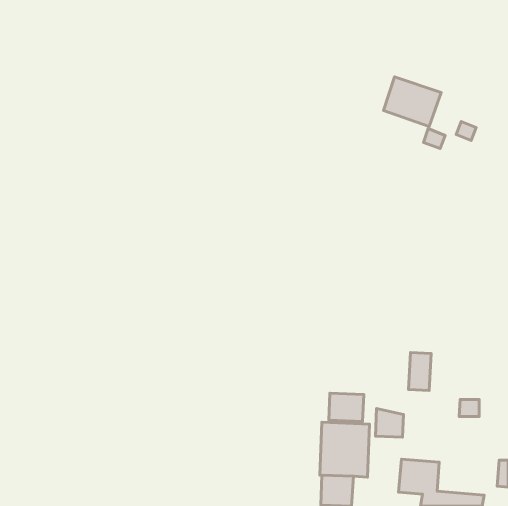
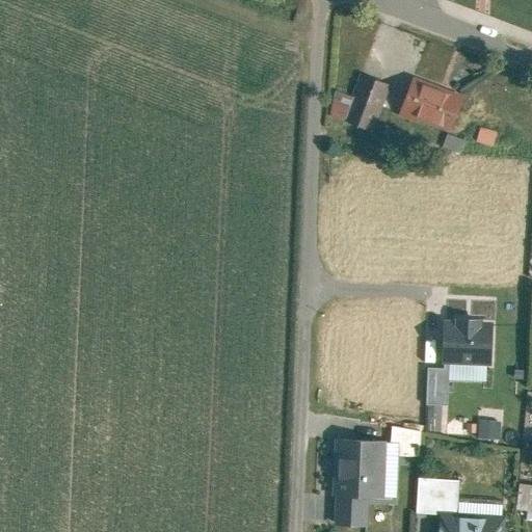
building: none -> [342,74,391,131]
building: none -> [443,321,493,368]
building: [329,393,364,421] -> none

